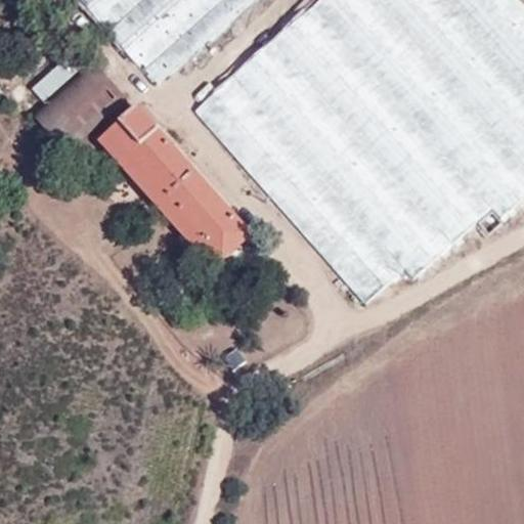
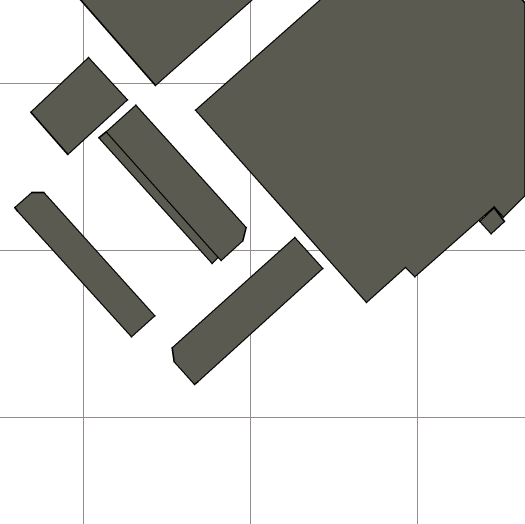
building: none -> [15,192,155,337]
building: none -> [172,238,323,384]

